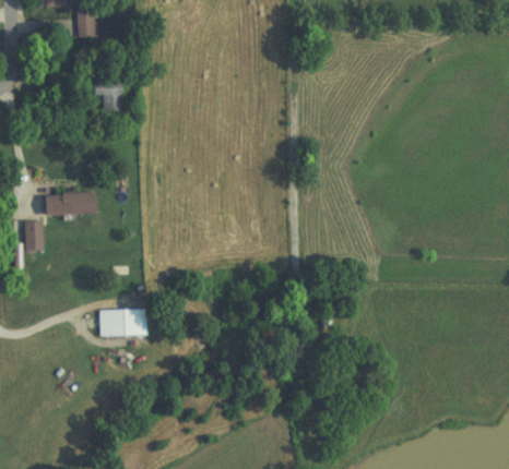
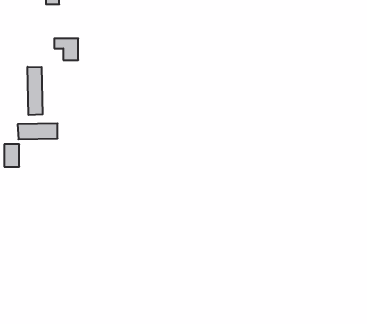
building: none -> [28,67,43,115]
building: [99,309,134,336] -> none

